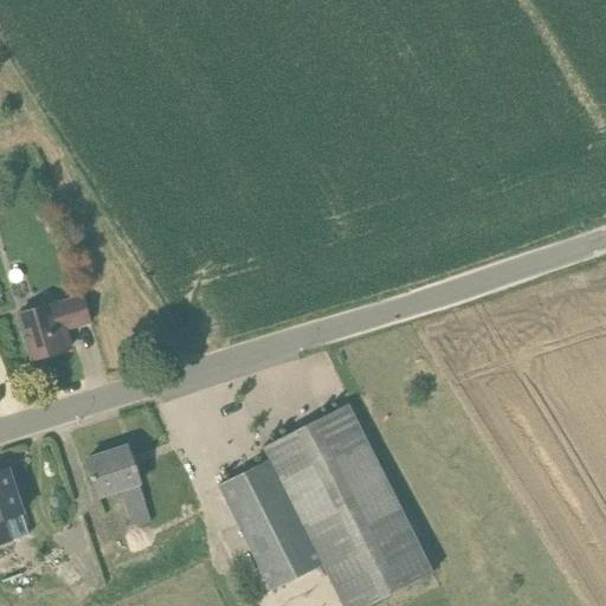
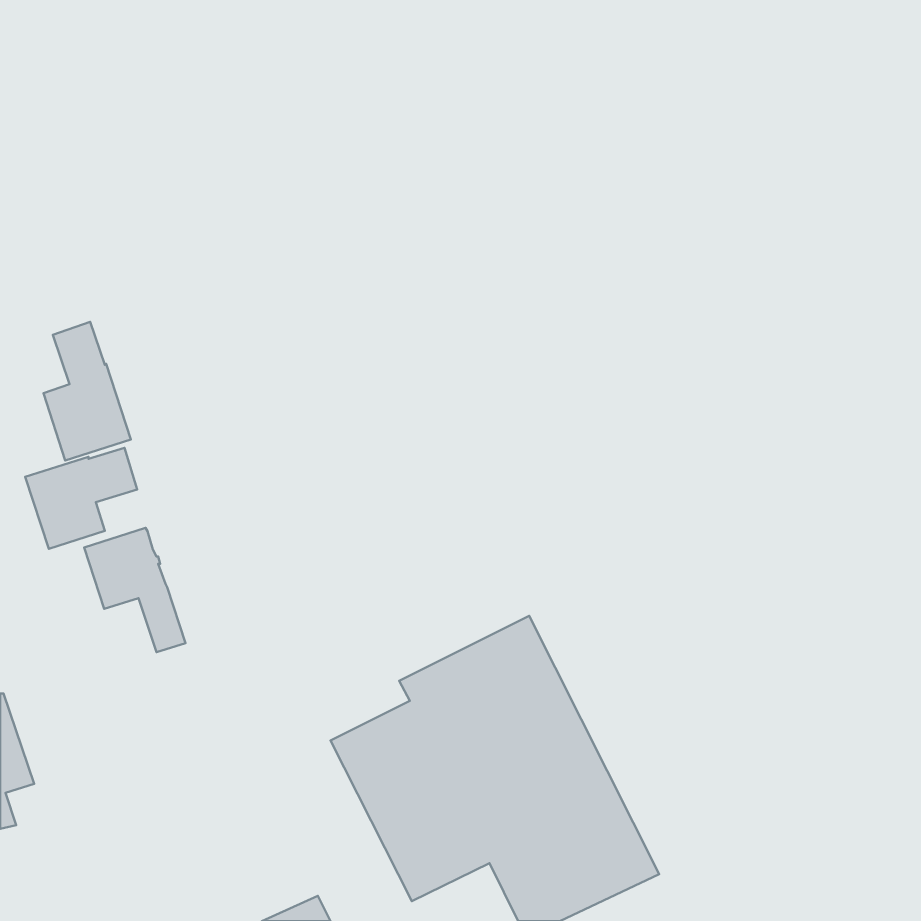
building: none -> [43,322,131,460]
building: [86,446,153,528] -> [84,528,185,652]

